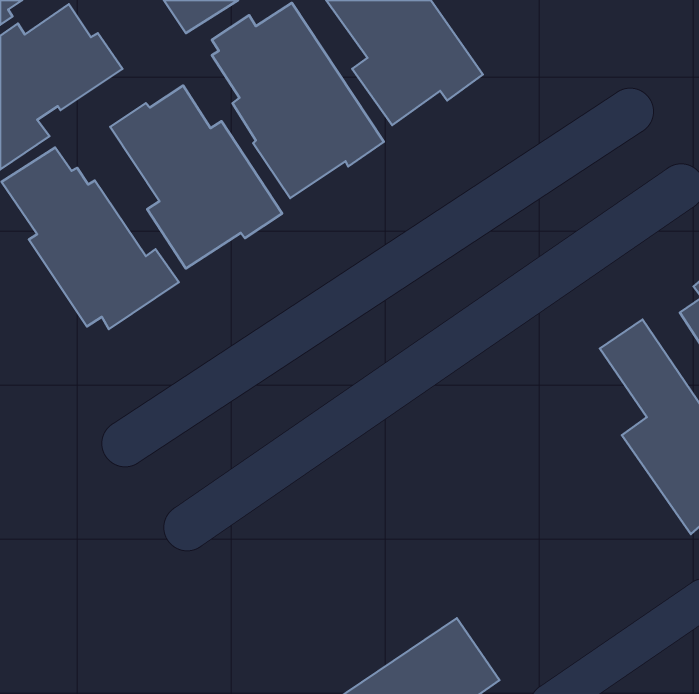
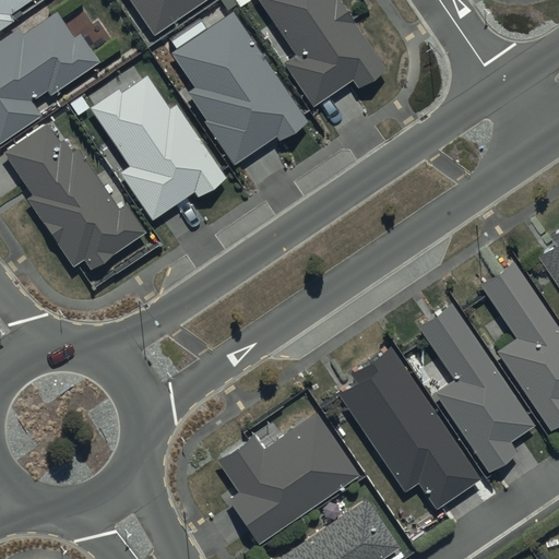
building: none -> [416,302,535,472]
building: none -> [338,345,483,510]
building: none -> [216,412,359,543]

